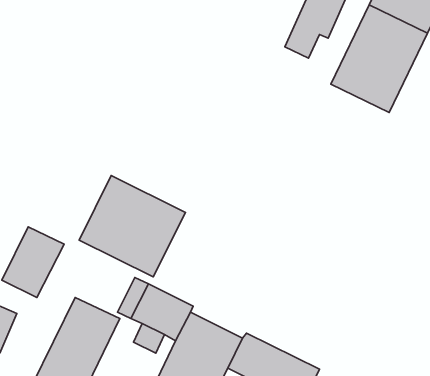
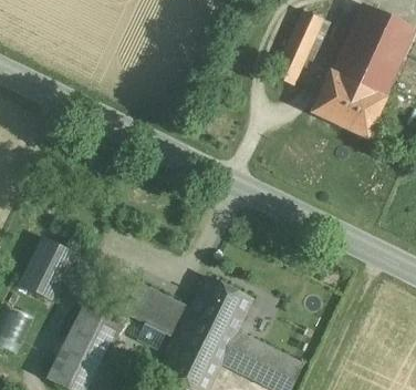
building: [79,176,185,277] -> none
building: none -> [188,275,253,336]

